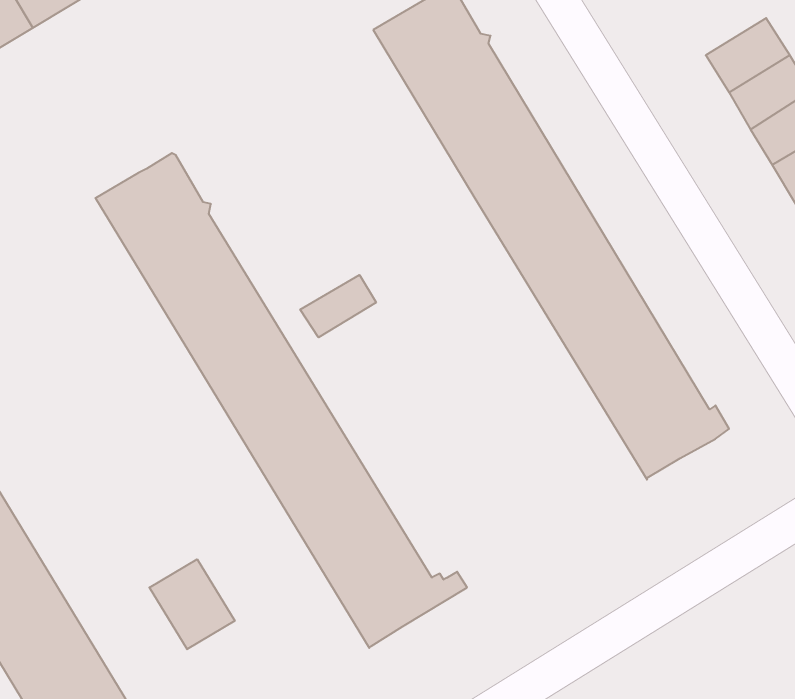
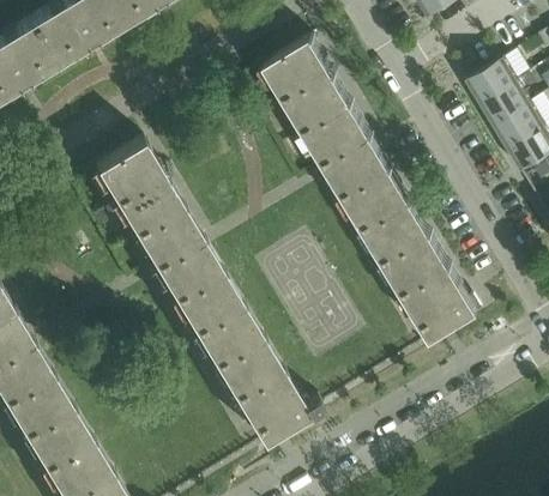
building: [300,275,376,337] -> none
building: [149,559,235,649] -> none

